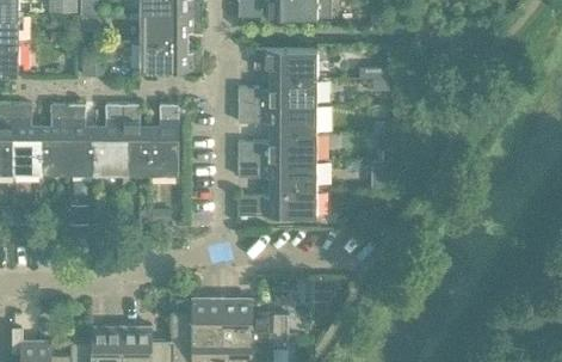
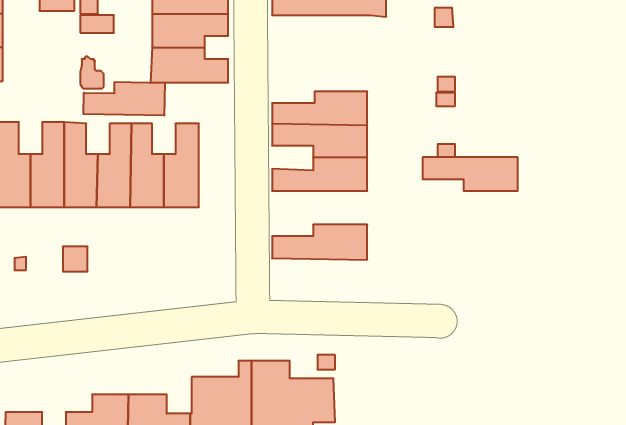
building: [254,51,316,80] -> none
building: none -> [83,82,165,116]
building: [237,161,315,189] -> [423,157,518,191]

